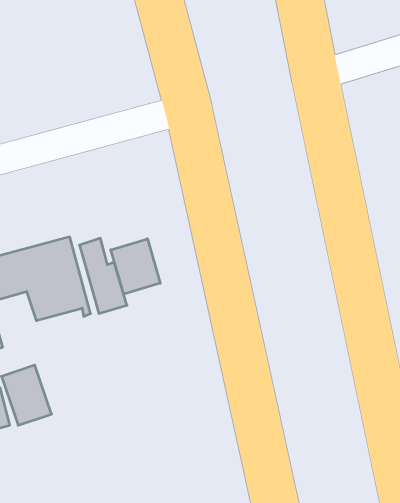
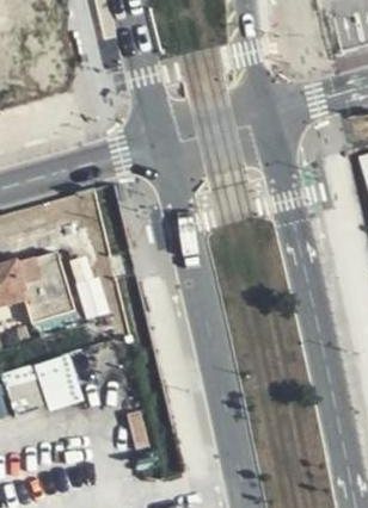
building: [111,239,160,294] -> none
building: none -> [33,352,85,411]

